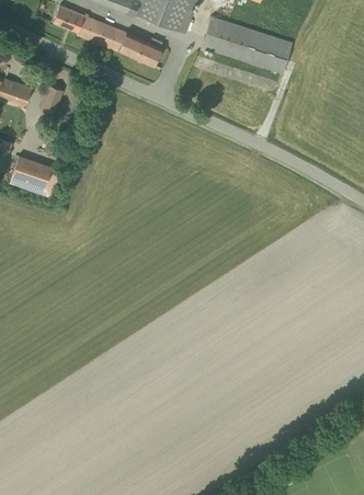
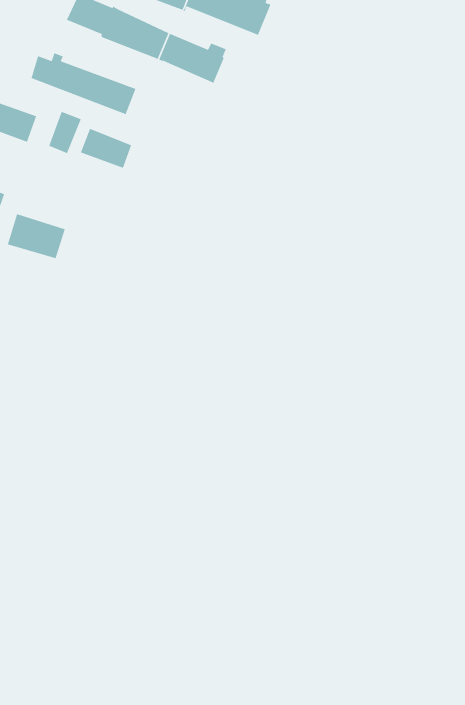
building: [201,15,292,72] -> none
building: none -> [30,52,136,115]
building: none -> [80,128,132,169]

